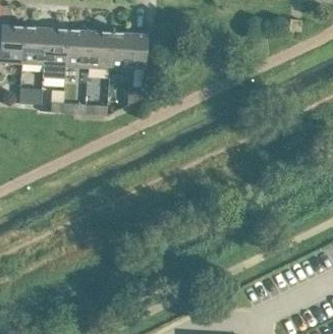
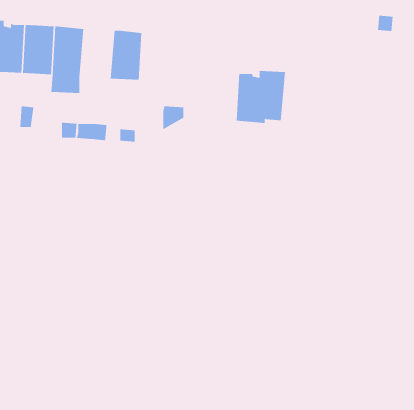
building: [64,30,90,67] -> none
building: [109,31,147,70] -> [236,71,286,123]

